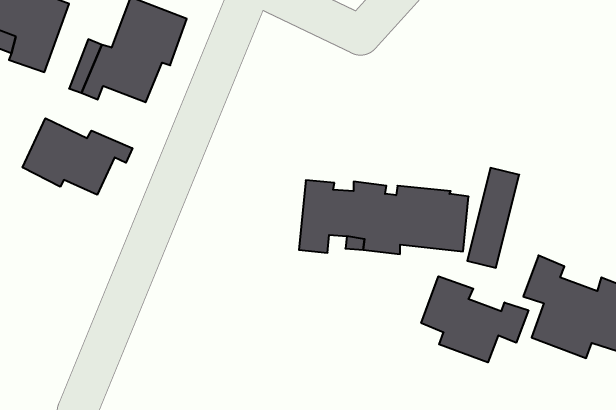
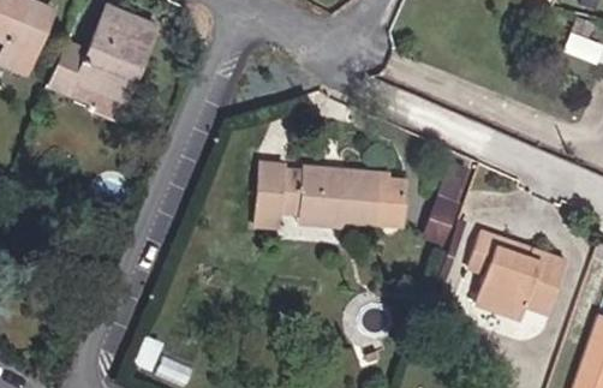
building: [23,118,132,195] -> none
building: [421,276,528,362] -> none

